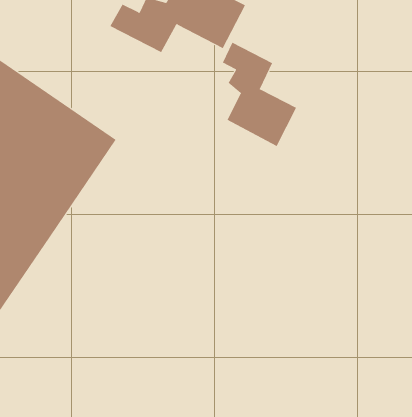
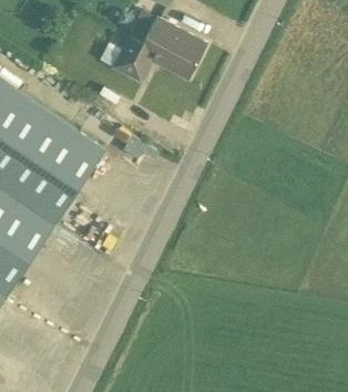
building: [222,42,297,147] -> none

